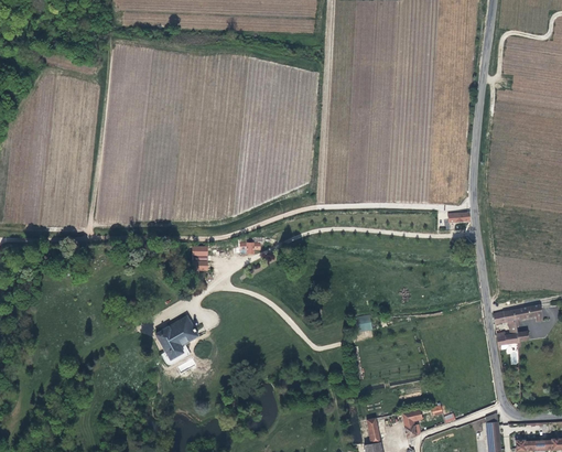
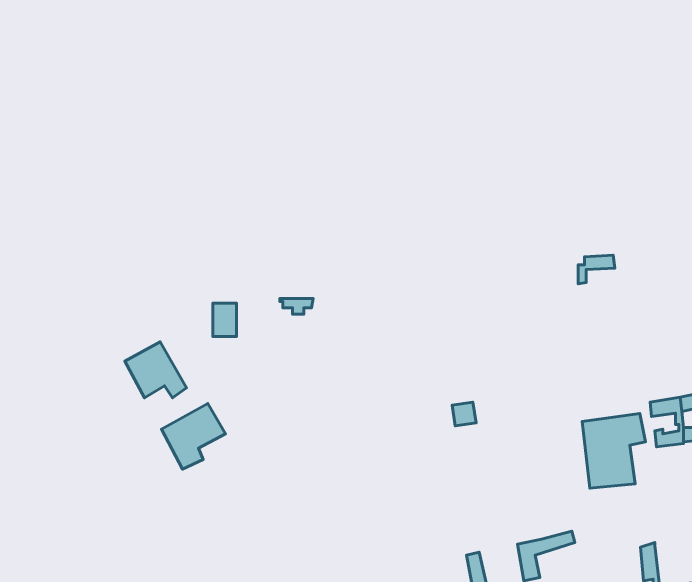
building: none -> [125,342,187,398]
building: none -> [582,413,645,488]

